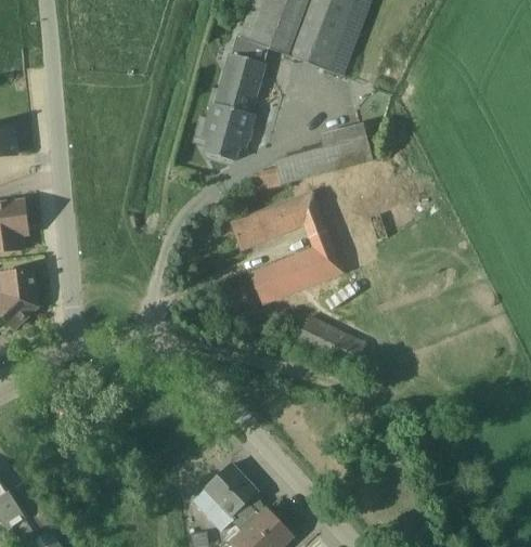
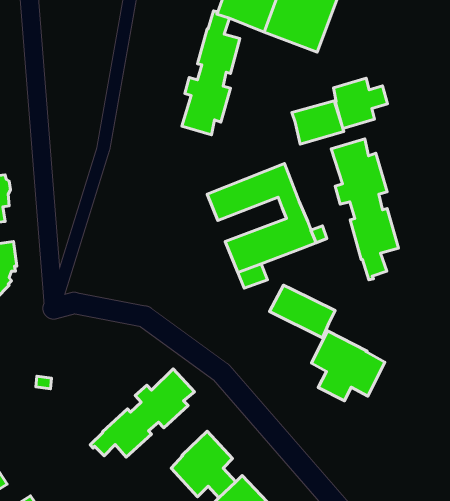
building: none -> [333,78,388,128]
building: none -> [331,139,399,280]
building: none -> [311,331,385,401]
building: none -> [90,369,195,457]

